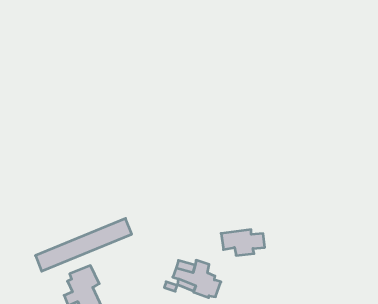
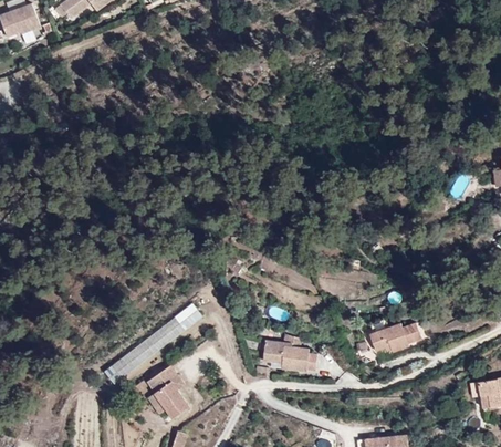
building: [221,230,265,255] -> [370,328,422,360]

